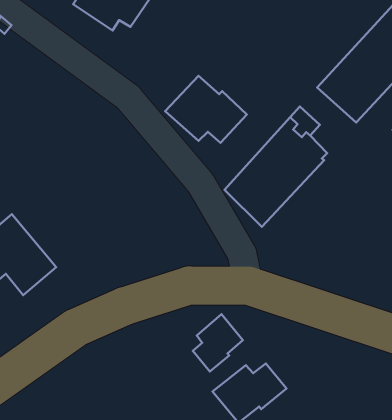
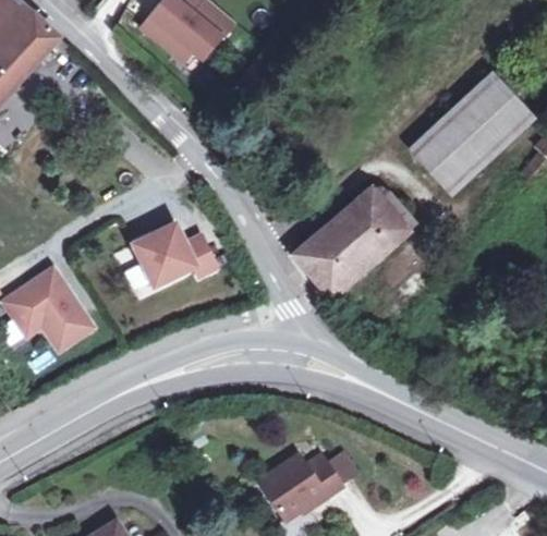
building: [165,76,247,143] -> none
building: none -> [122,217,215,300]
building: [193,314,243,372] -> none

